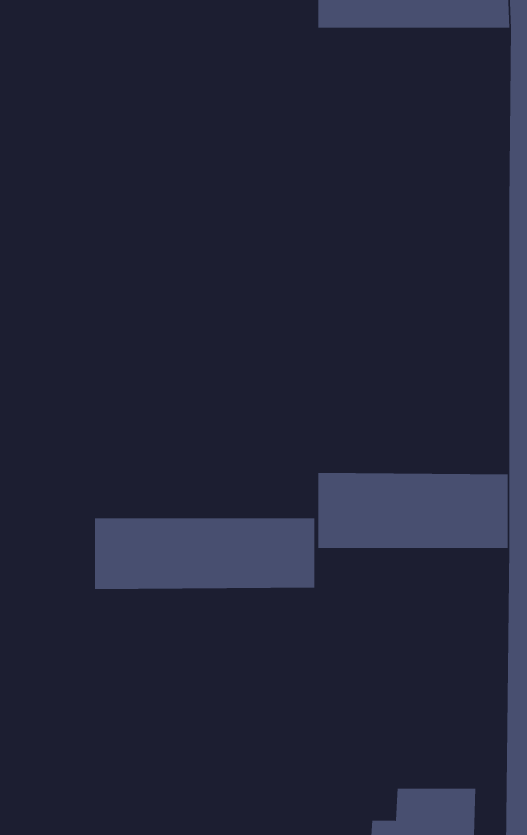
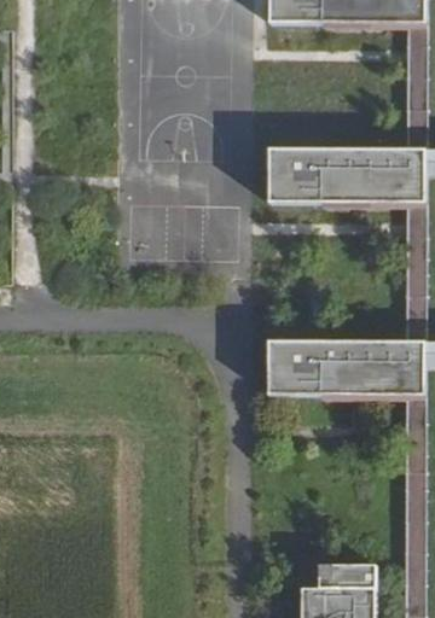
building: none -> [276,148,402,203]
building: [95,518,315,590] -> none

